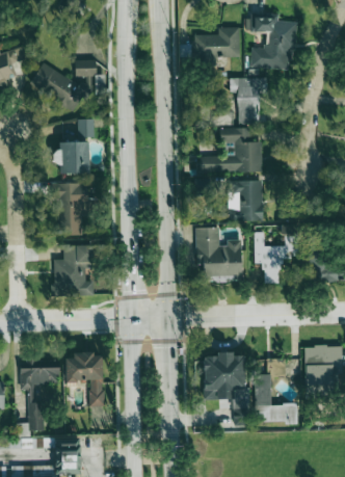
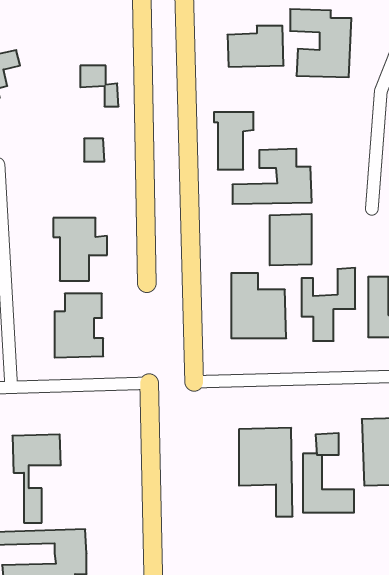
building: [30,64,86,111] -> none
building: [235,78,267,125] -> [214,112,254,170]
building: [55,142,89,175] -> none
building: [64,354,104,407] -> none

